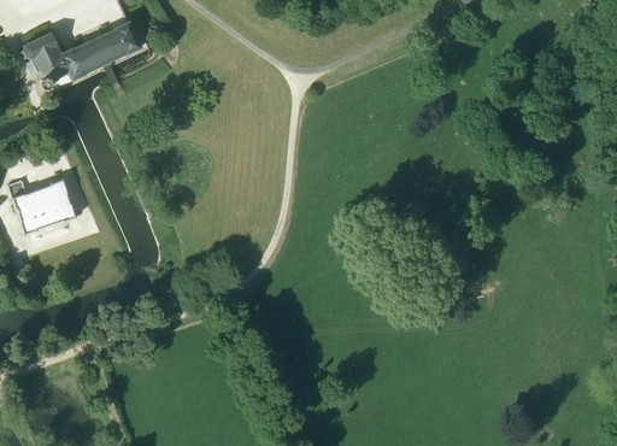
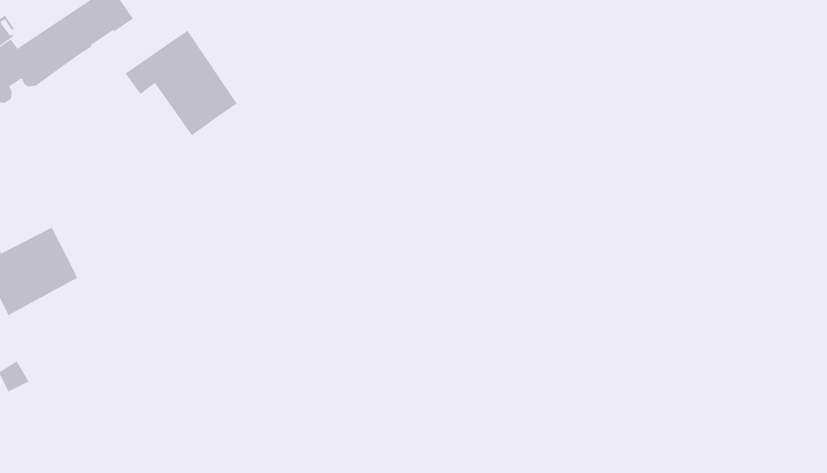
building: none -> [125,30,238,136]

